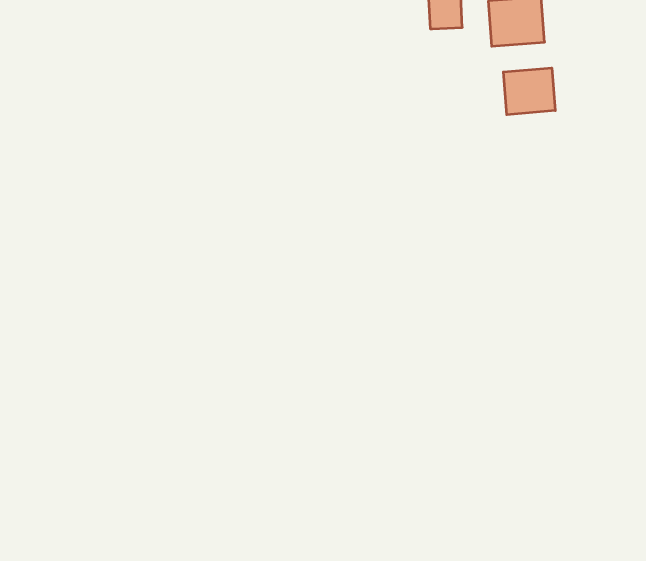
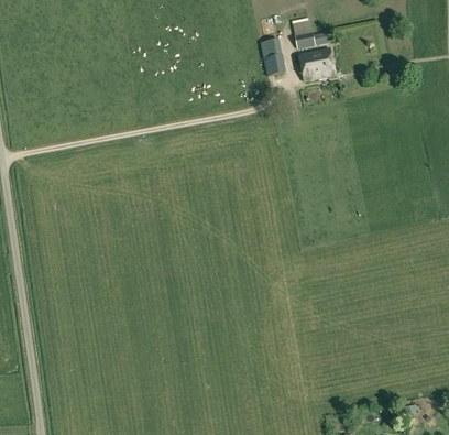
building: [503,68,555,115] -> none

